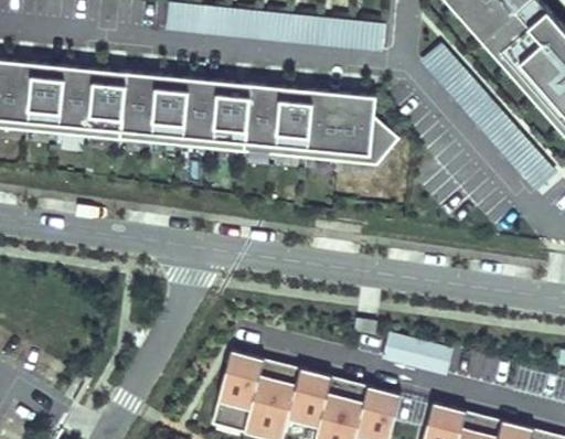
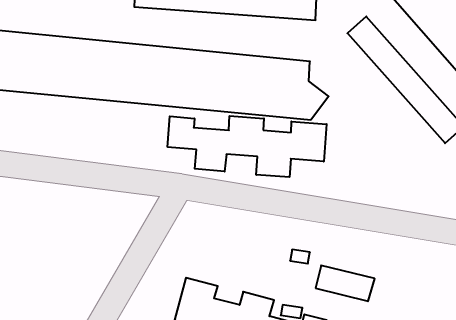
building: none -> [168,116,327,177]

